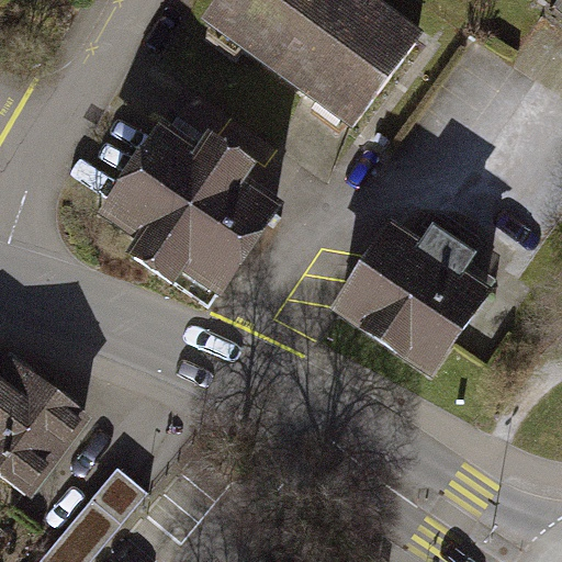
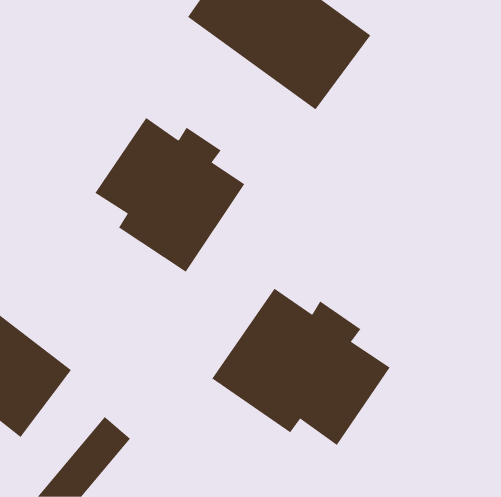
building: [339,220,485,376] -> none
building: none -> [211,288,390,446]

